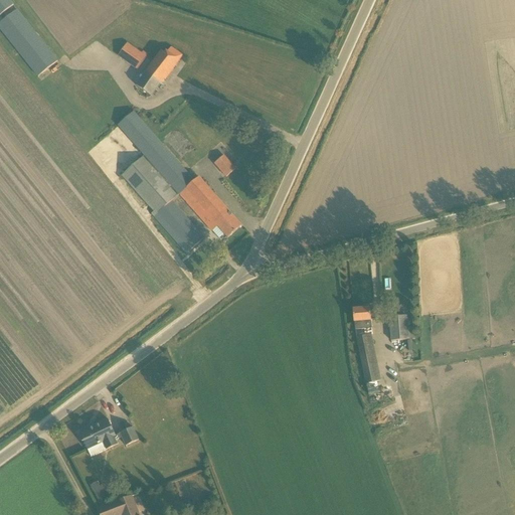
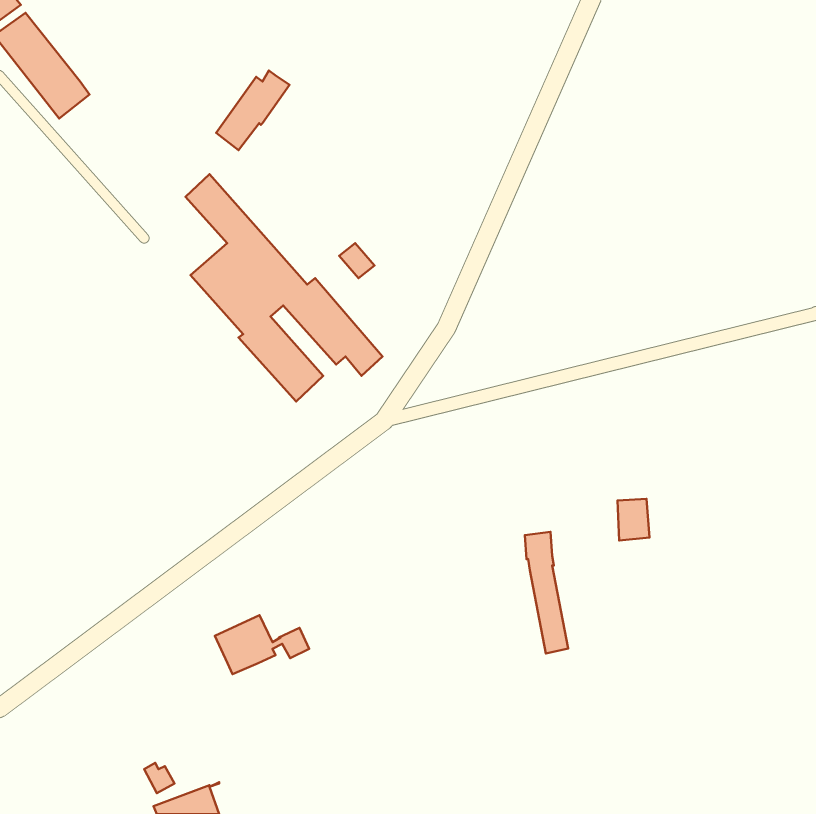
building: [118,41,147,67] -> none
building: [353,306,380,382] -> [525,532,568,653]
building: [78,417,138,455] -> [215,615,309,674]

